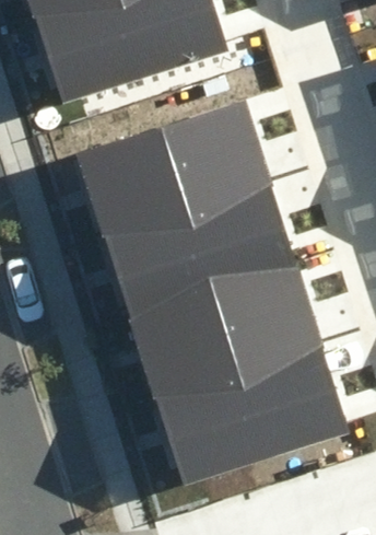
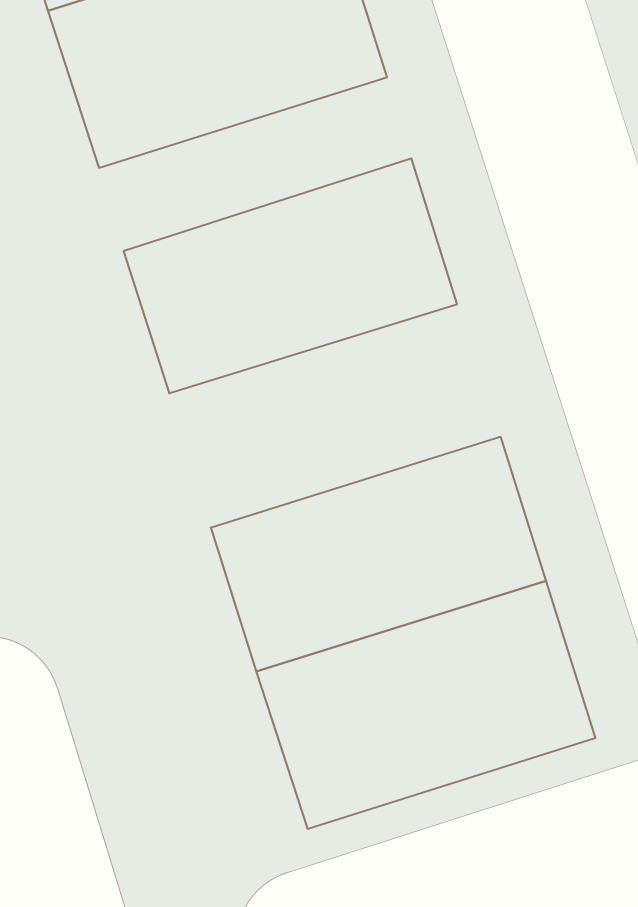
building: [104,184,295,313] -> none

